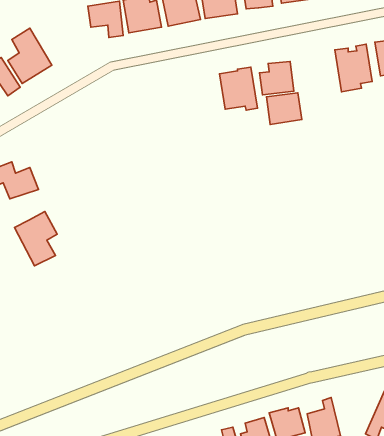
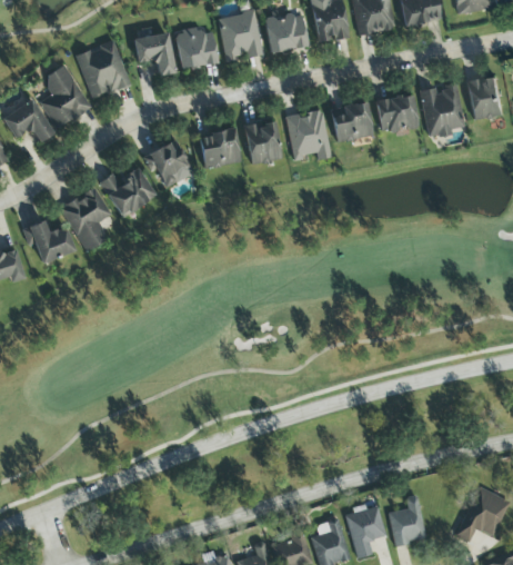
building: none -> [77,42,131,99]
building: none -> [244,121,282,166]
building: none -> [200,131,240,168]
building: [266,93,302,124] -> [376,96,418,132]
building: none -> [143,140,191,187]
building: none -> [99,170,157,219]
building: [14,211,57,266] -> [61,189,111,252]

